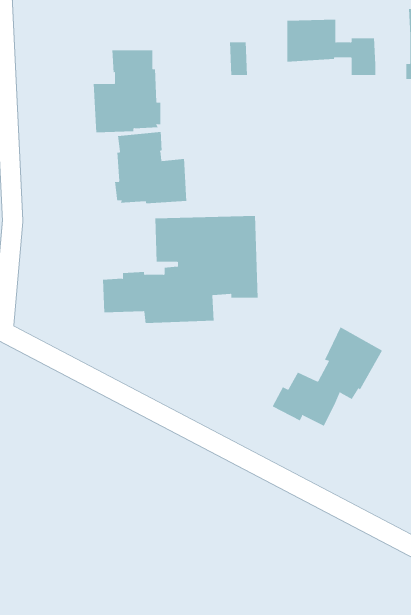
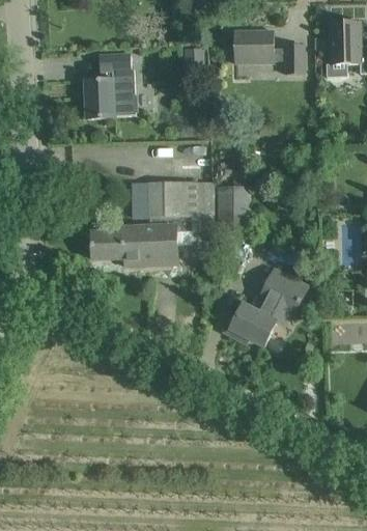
building: [115,131,187,204] -> none
building: none -> [218,186,249,230]

